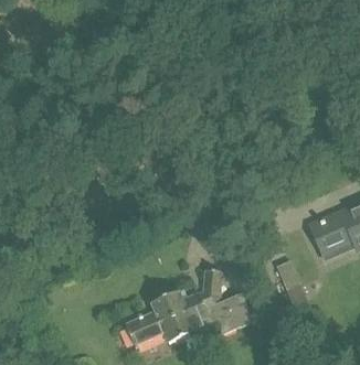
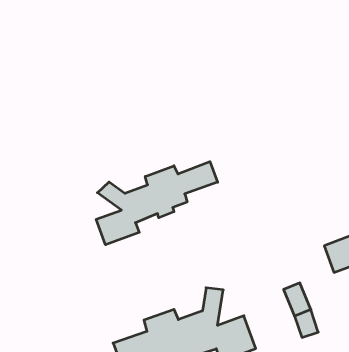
building: none -> [96,162,218,245]

